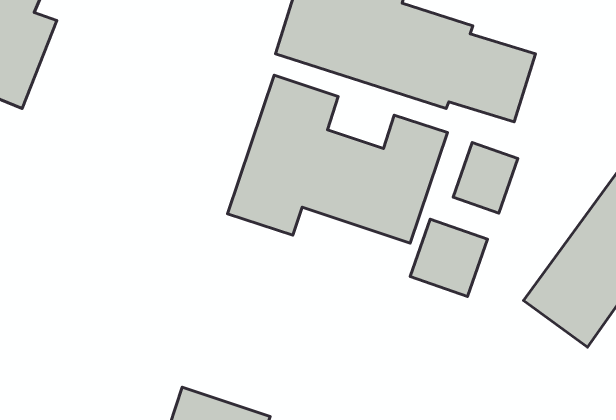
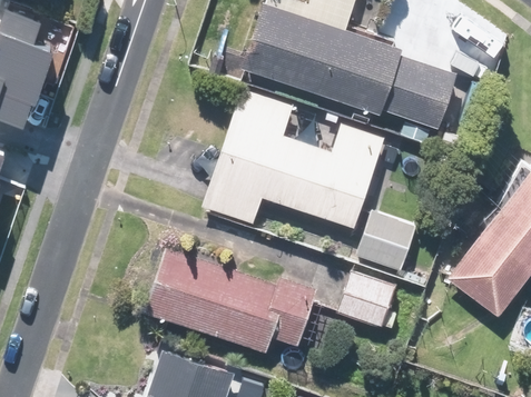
building: [453,143,518,213] -> none
building: none -> [144,247,317,357]
building: none -> [337,271,395,329]

